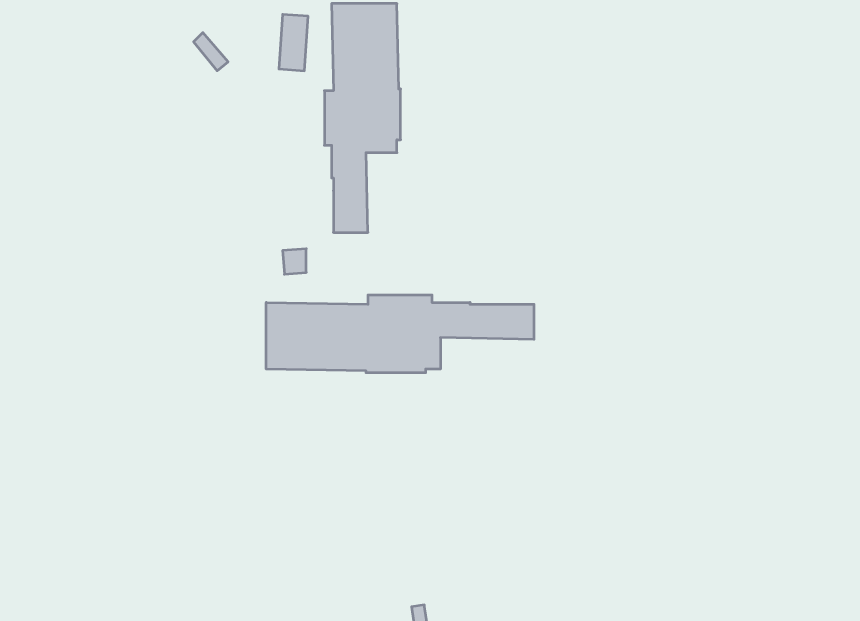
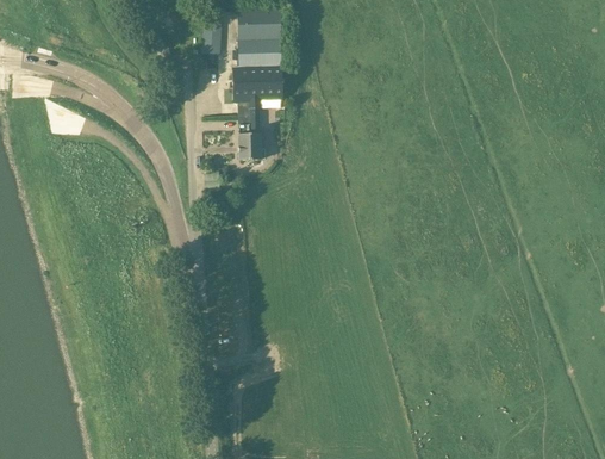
building: [266,295,534,373] -> none

